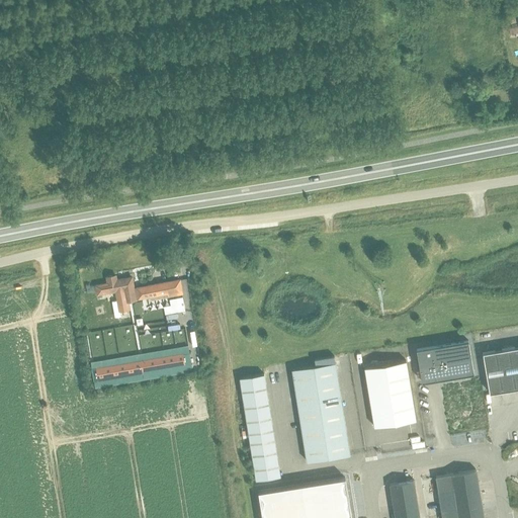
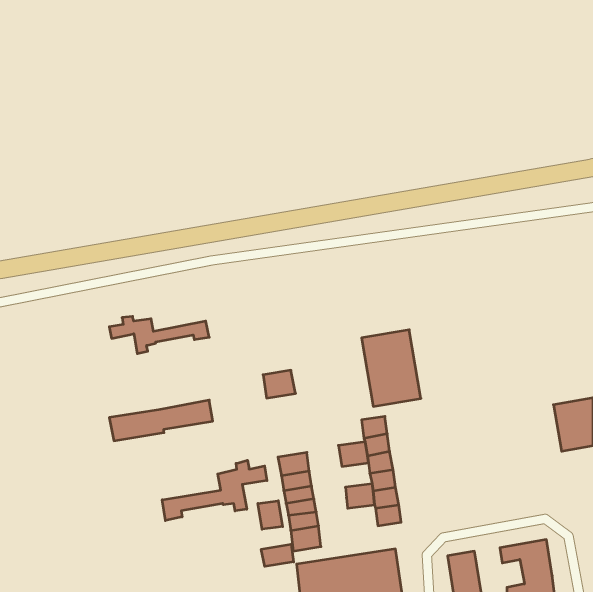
building: [416,342,473,383] -> none
building: [363,362,415,429] -> [362,330,421,406]
building: [291,367,318,390] -> none
building: [239,375,267,400] -> [263,370,296,398]
building: none -> [162,460,267,521]
building: [297,405,324,426] -> none
building: none -> [258,501,283,529]
building: [303,441,329,463] -> none
building: none -> [261,544,294,566]

